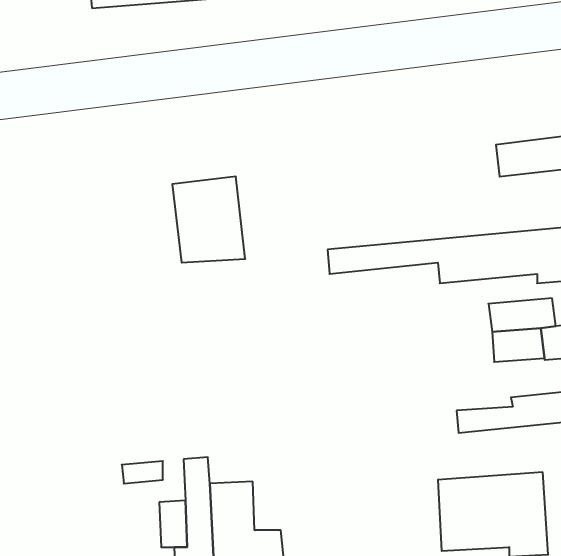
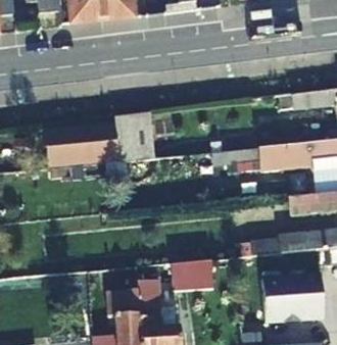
building: none -> [46,125,118,166]
building: none -> [172,258,213,288]

